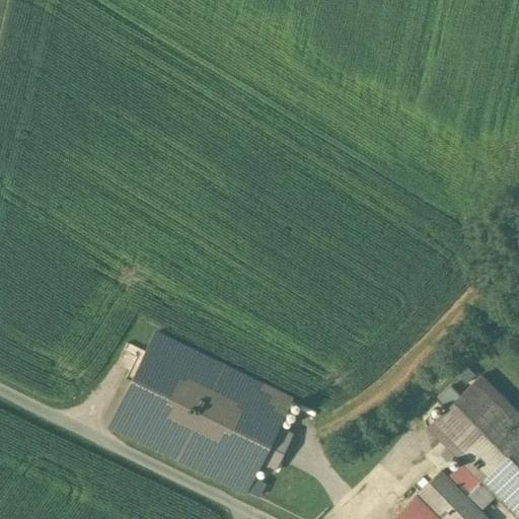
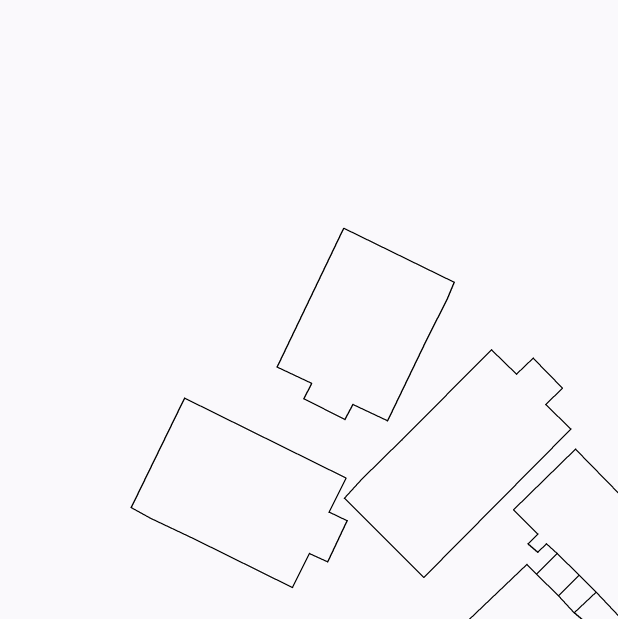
building: none -> [277,228,454,421]
building: none -> [344,350,571,577]

